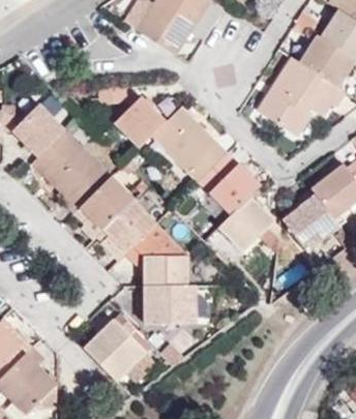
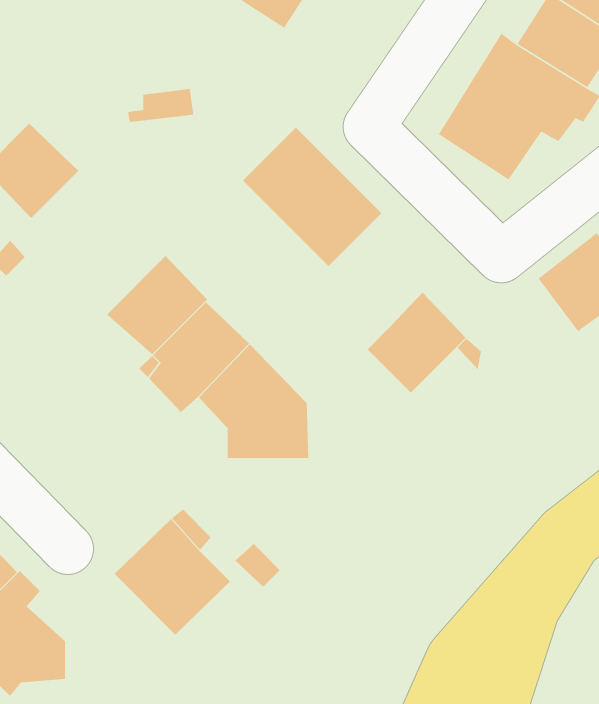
building: [115,97,166,147] -> none
building: [33,130,111,212] -> none
building: [199,153,261,214] -> none
building: [283,188,340,250] -> none
building: [144,286,197,324] -> none

